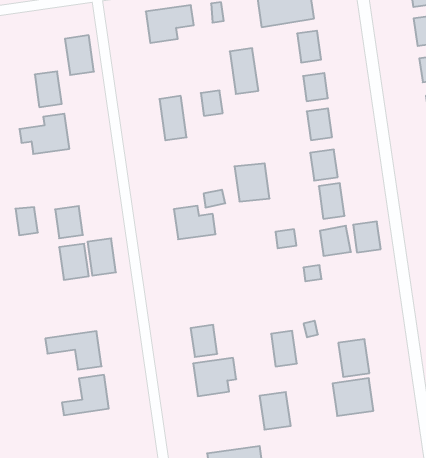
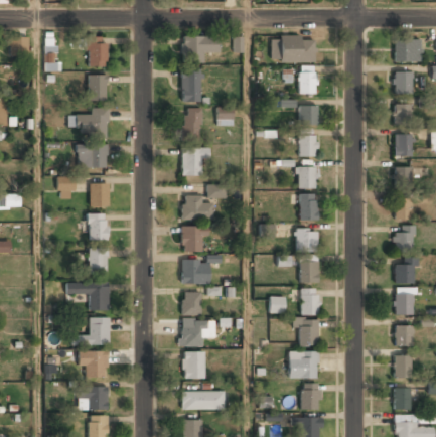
building: [65,35,94,75] -> [88,36,107,65]
building: [230,48,258,94] -> [183,67,201,102]
building: none -> [78,144,107,167]
building: [234,163,270,201] -> [182,147,206,176]
building: [353,222,381,252] -> [300,260,319,282]
building: [87,238,116,276] -> [89,248,108,275]
building: none -> [182,226,205,252]
building: none -> [182,259,209,283]
building: [271,331,297,366] -> [302,288,319,314]
building: [260,392,291,430] -> [184,351,205,379]
building: none -> [301,382,320,408]
building: none -> [79,351,107,377]

